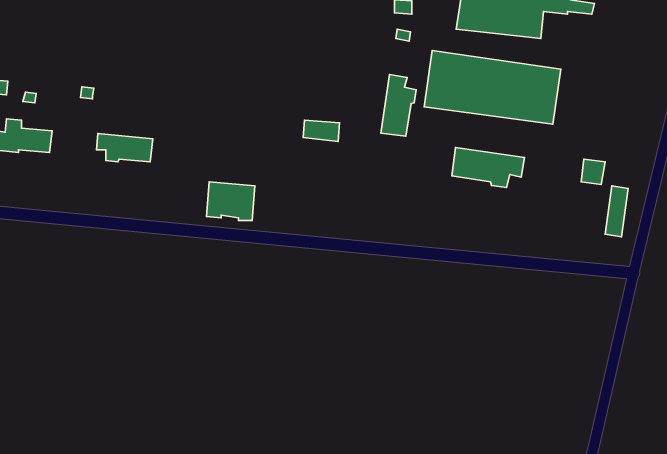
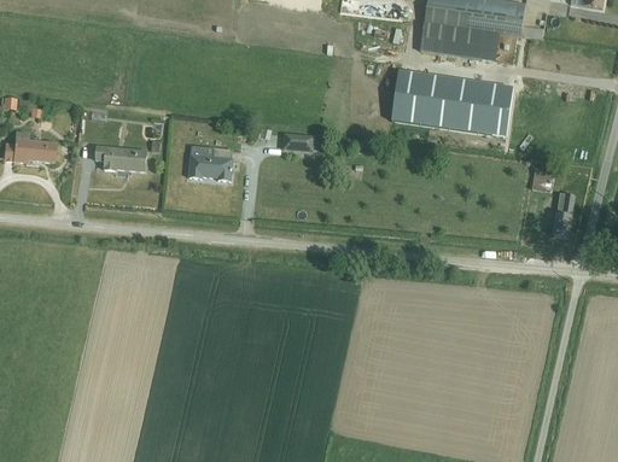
building: [381,75,416,136] -> none
building: [452,148,524,187] -> none
building: [206,182,255,221] -> [188,145,232,180]

